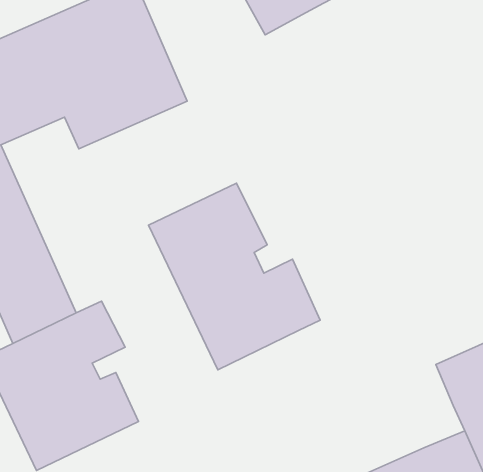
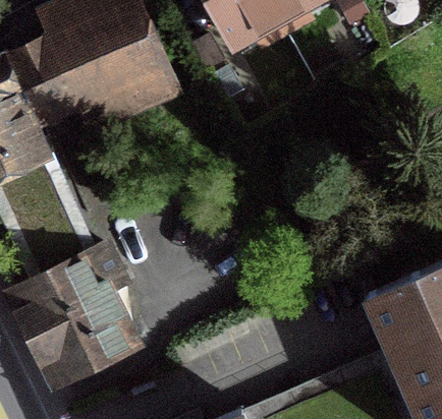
building: [149,183,320,370] -> none

